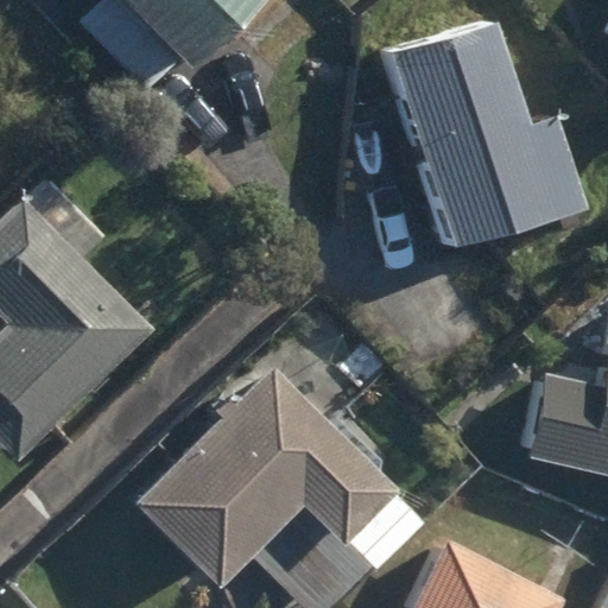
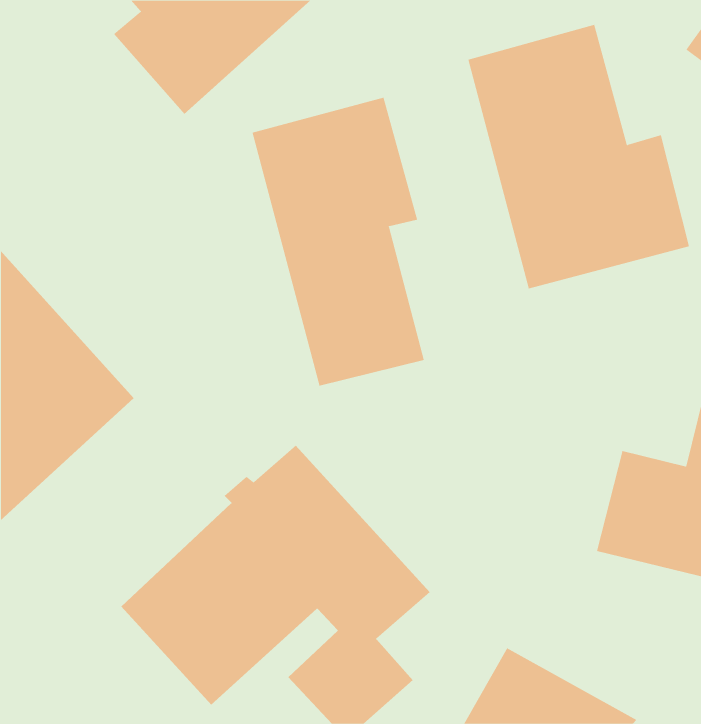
building: none -> [252,97,424,387]

